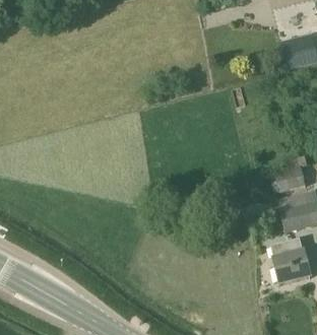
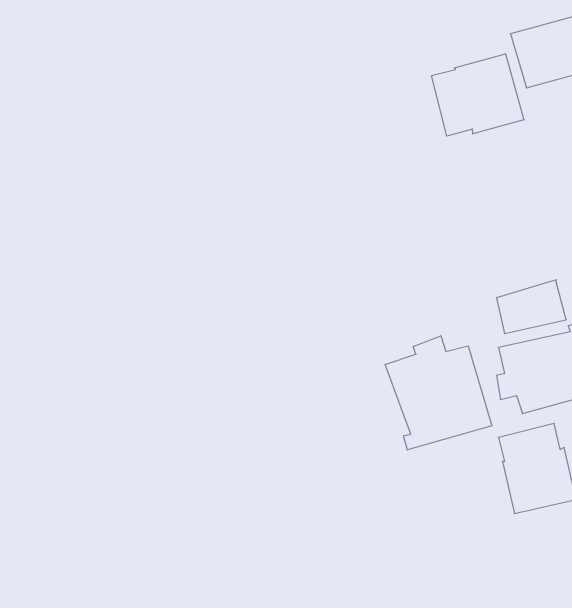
building: none -> [432,54,524,136]
building: none -> [385,336,492,450]

